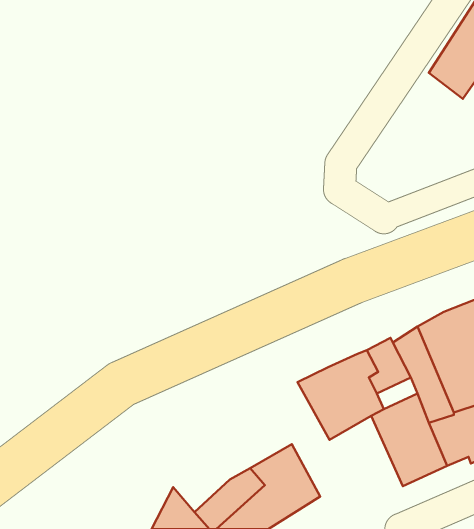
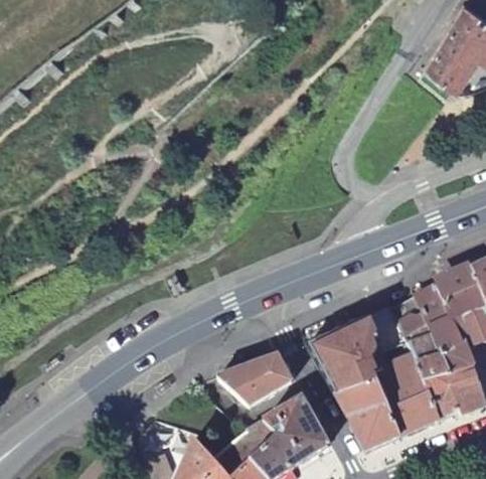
building: none -> [217,353,292,405]
building: none -> [336,373,401,451]

